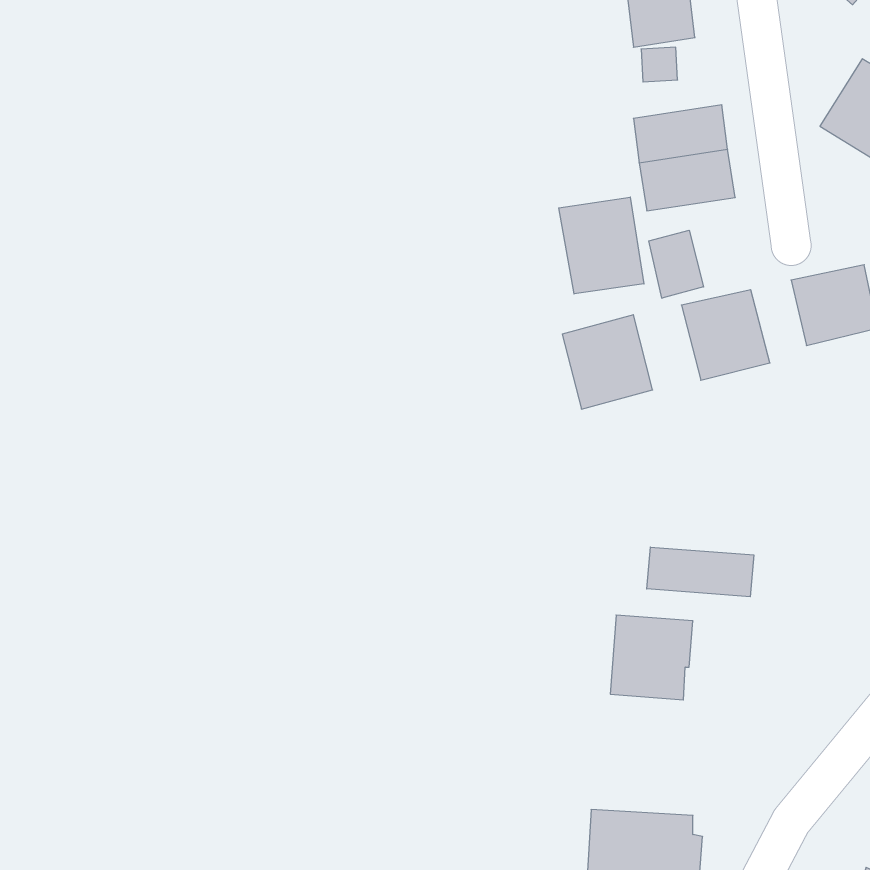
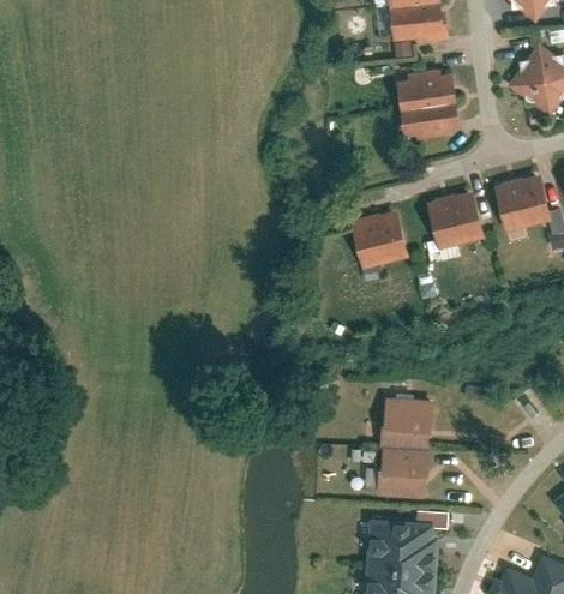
building: [559,197,644,294] -> none
building: [649,230,704,298] -> none
building: [647,547,754,597] -> none
building: none -> [379,444,430,496]

